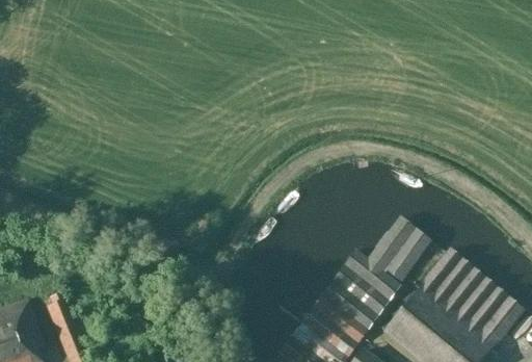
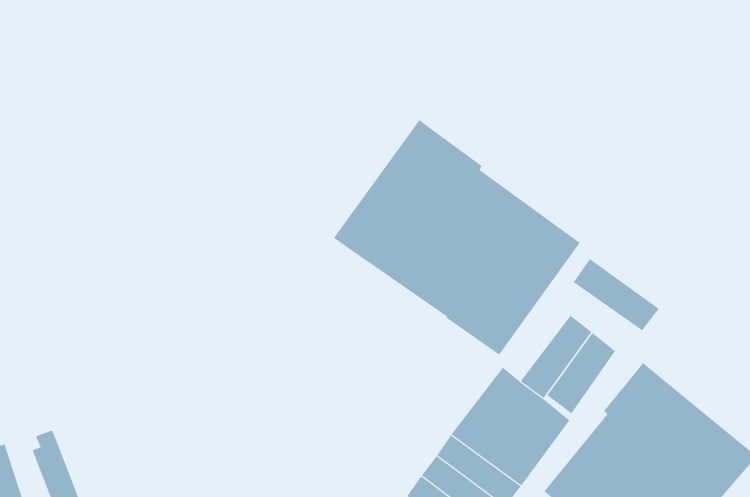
building: none -> [333,119,581,356]
building: none -> [573,258,659,331]

